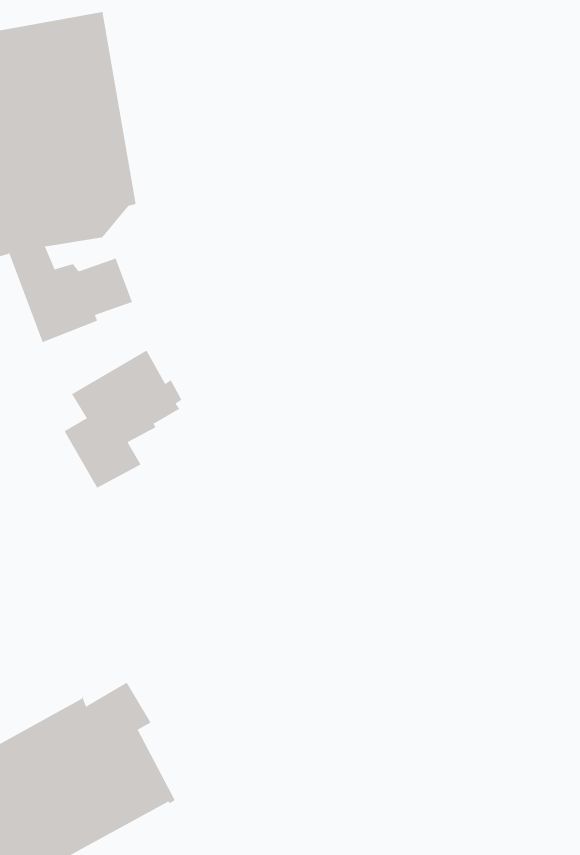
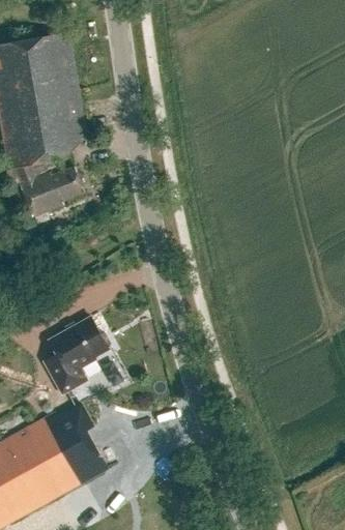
building: [64,350,182,489] -> [42,317,109,394]

